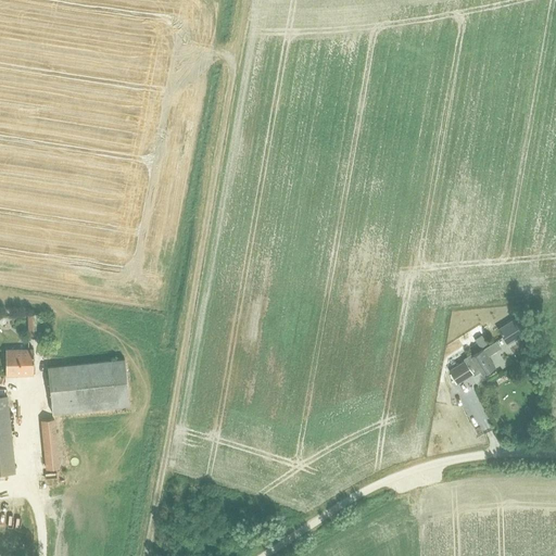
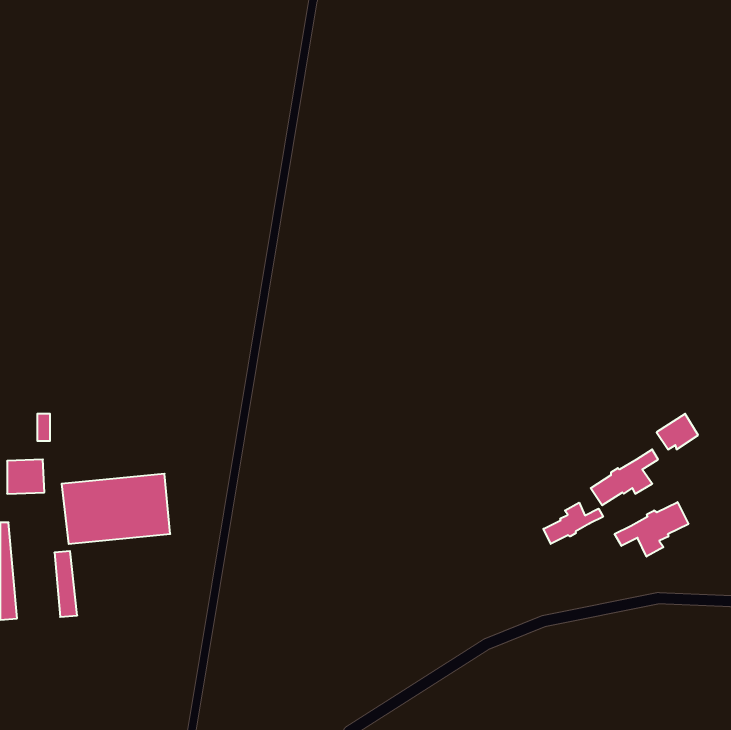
building: none -> [615,502,688,557]
building: none -> [543,503,603,544]

